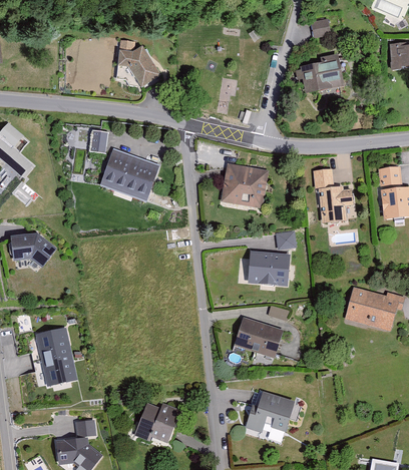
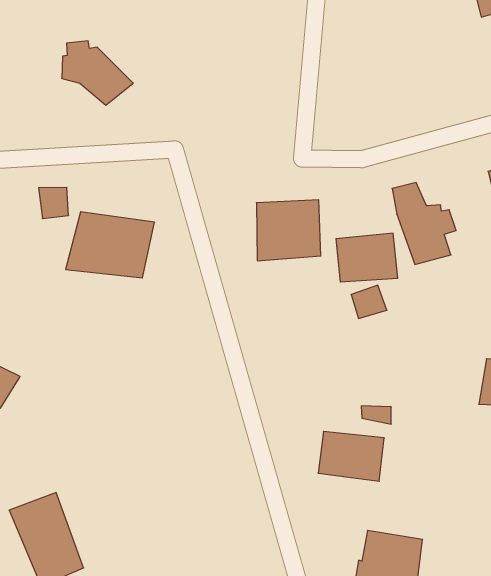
building: [298,56,345,91] -> none
building: [250,255,289,287] -> [336,233,398,282]

